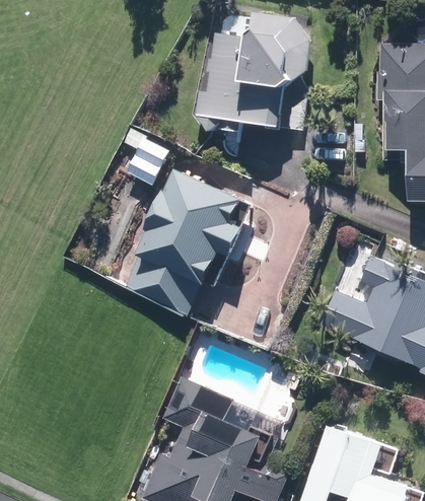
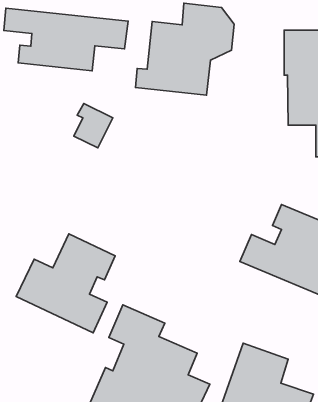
building: none -> [4,8,128,71]
building: [125,168,245,314] -> none
building: none -> [16,234,115,333]

